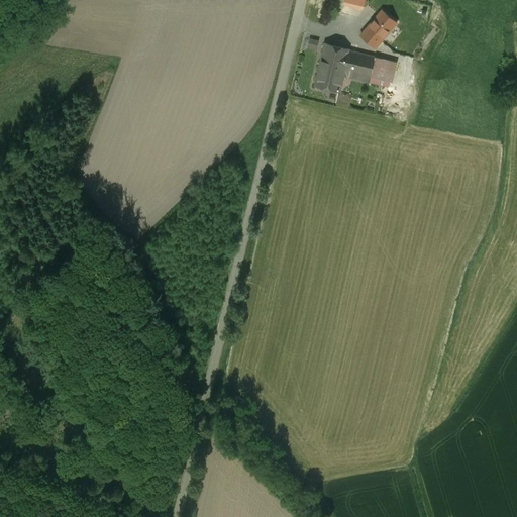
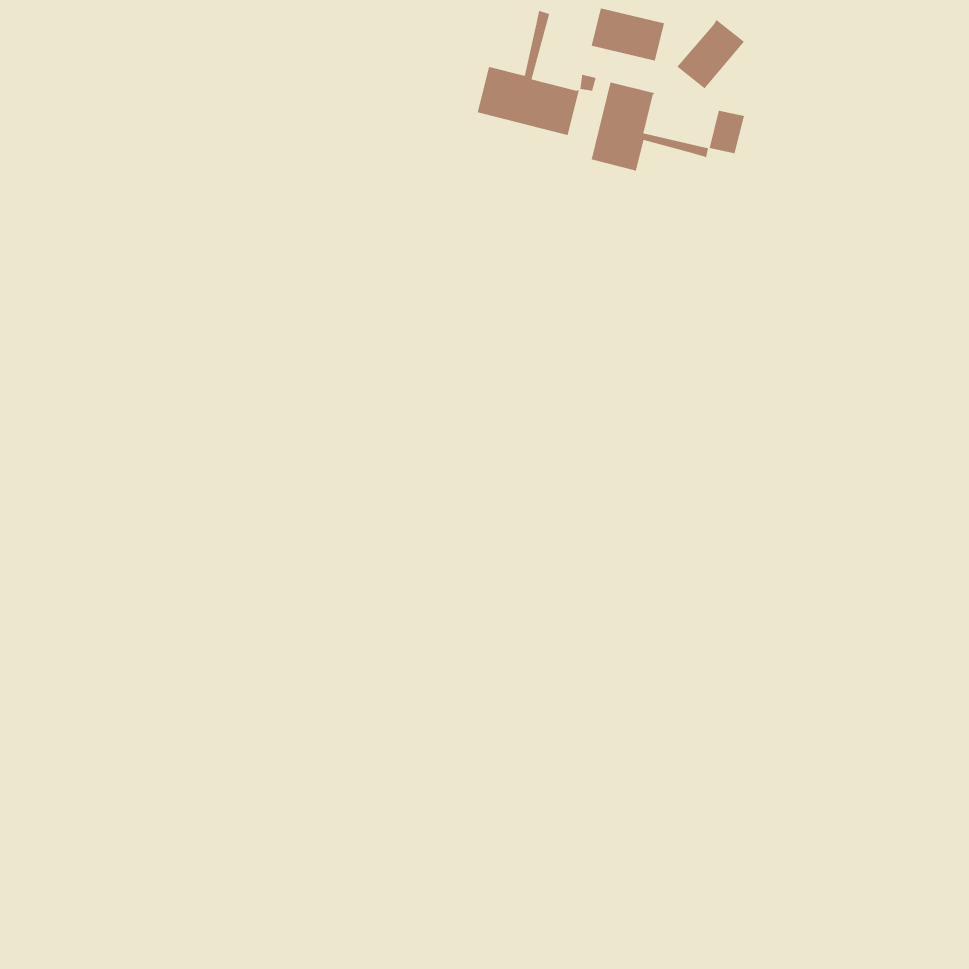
building: none -> [477,10,580,136]
building: [342,51,382,80] -> [591,8,665,61]

